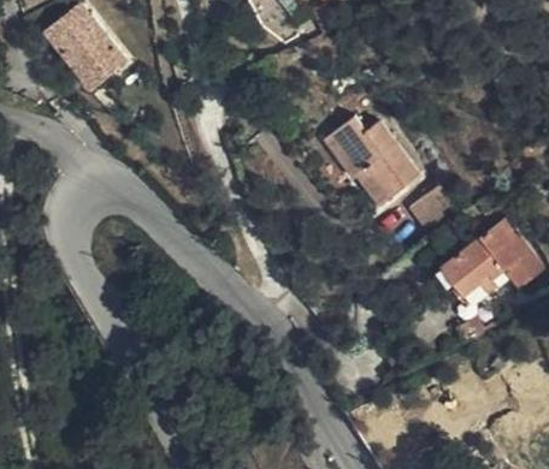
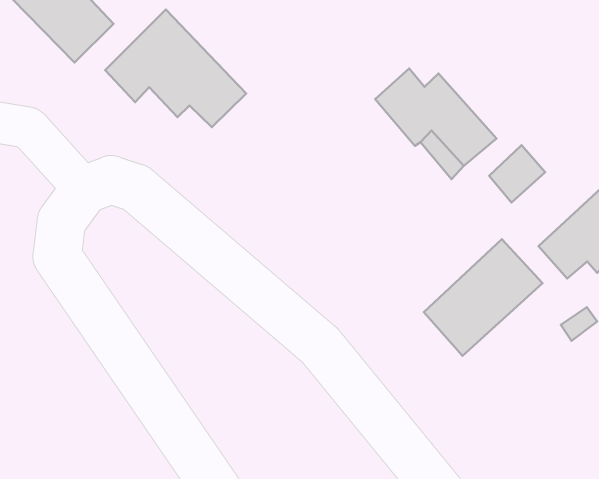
building: none -> [105,9,246,127]
building: none -> [424,239,542,356]

